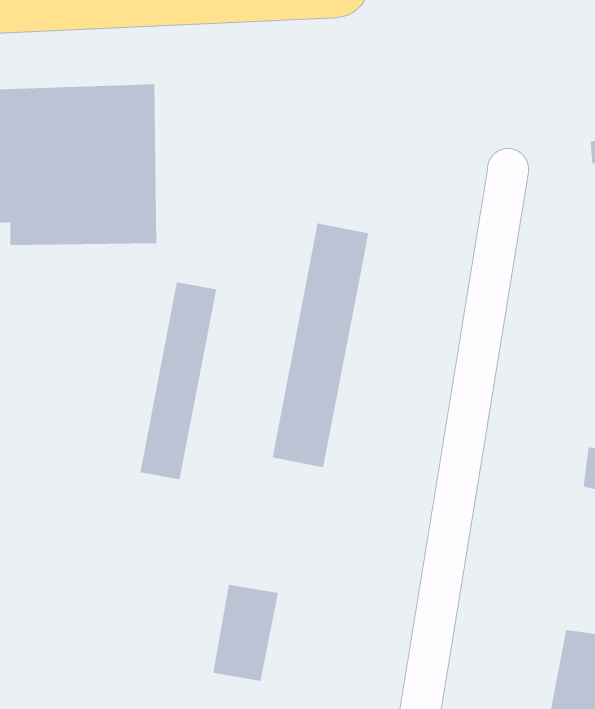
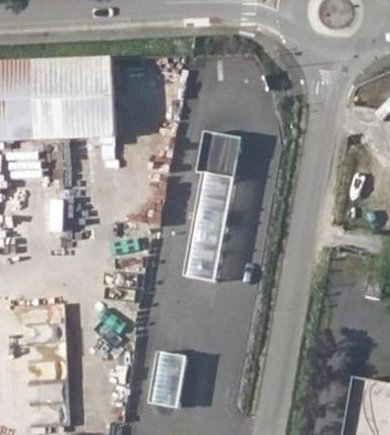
building: [140,281,217,480] -> none

